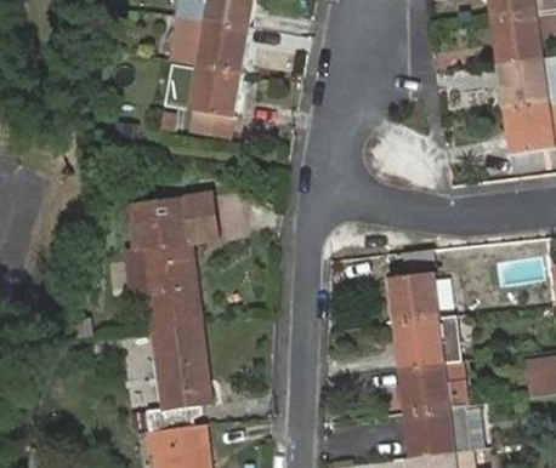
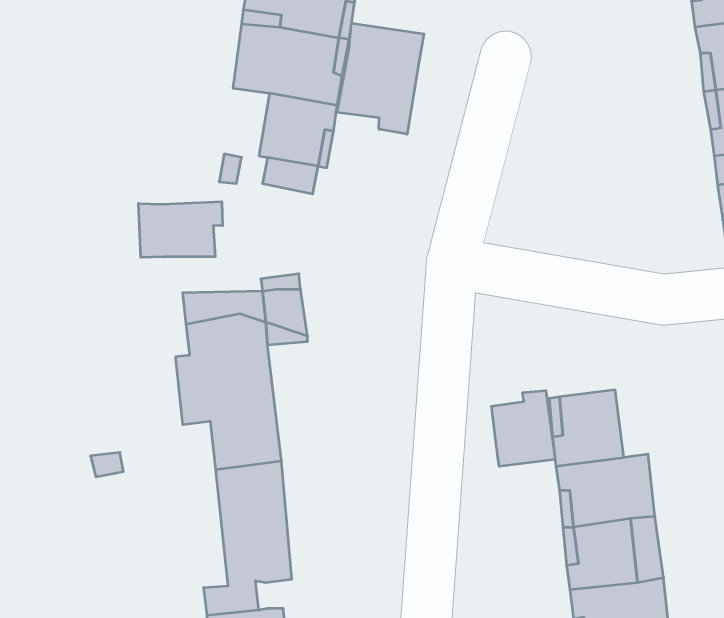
building: none -> [337,23,424,134]
building: none -> [138,202,223,257]
building: none -> [491,391,555,466]

